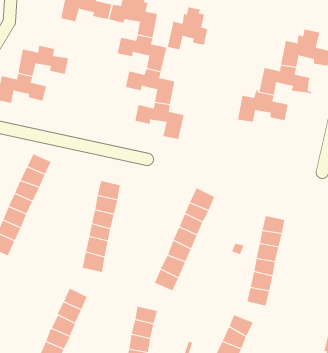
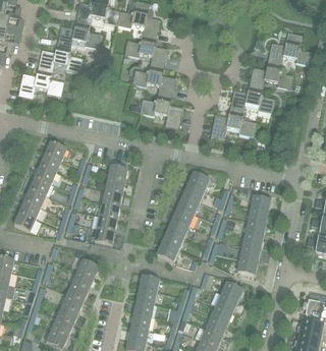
building: [167,7,208,50] -> none
building: none -> [56,20,101,50]
building: none -> [210,112,256,138]

